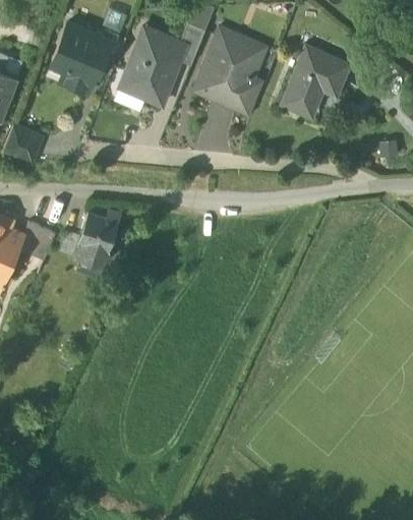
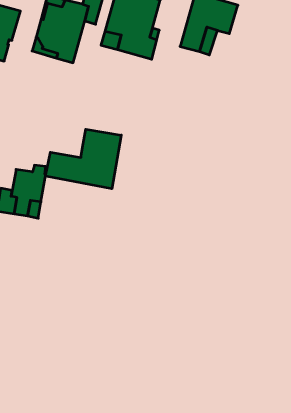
building: none -> [45,129,121,189]

